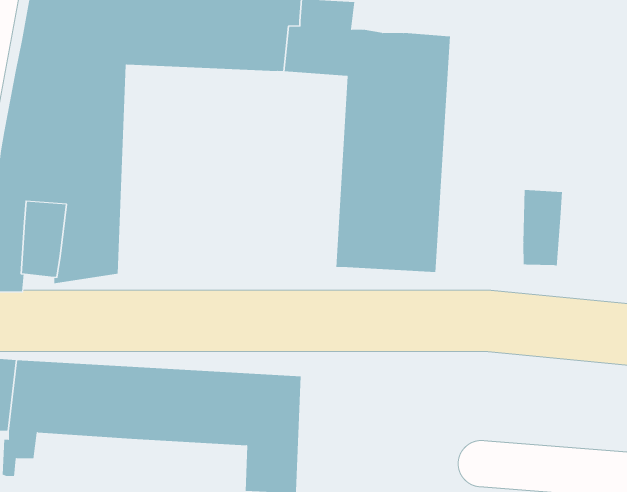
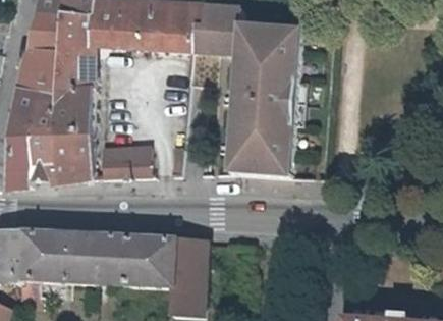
building: [523,189,563,266] -> none
building: none -> [101,140,150,173]

